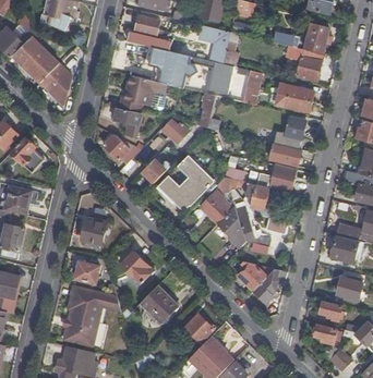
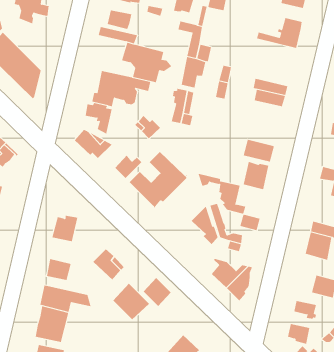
building: [288,46,323,80] -> none
building: [270,118,305,149] -> none
building: [201,192,230,221] -> none
building: [185,313,214,342] -> [143,277,172,307]

